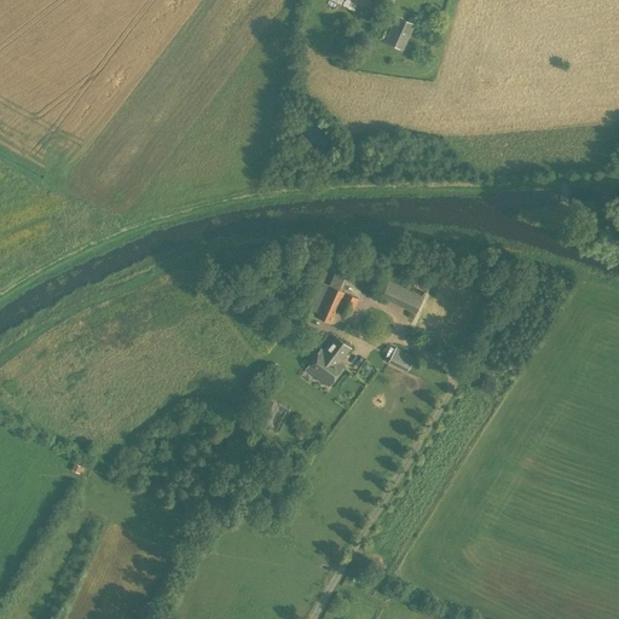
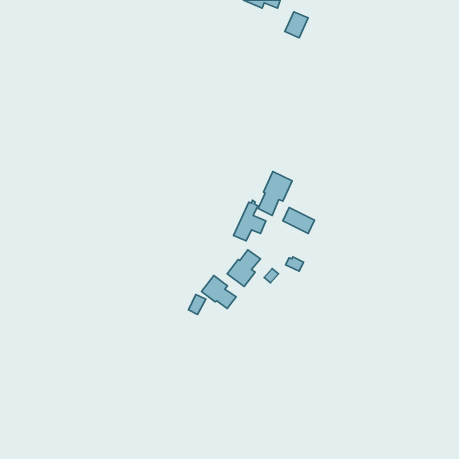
building: none -> [258,172,292,216]
building: none -> [201,275,236,308]

